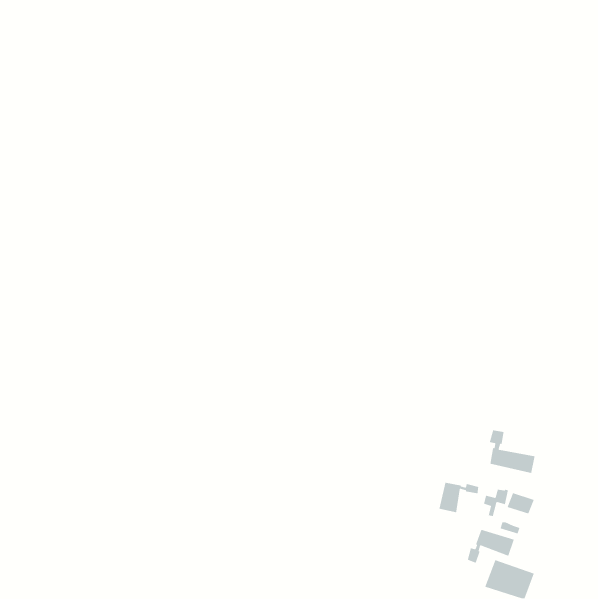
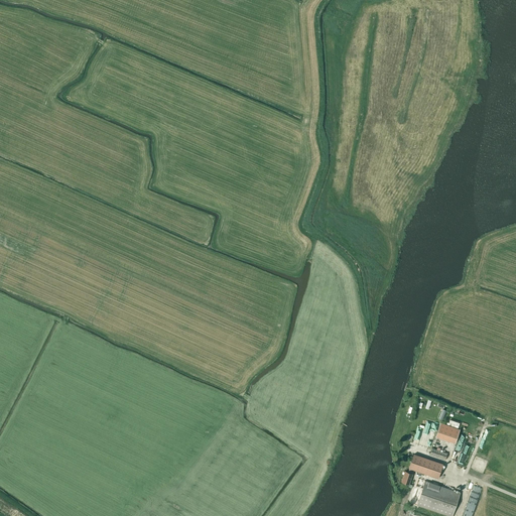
building: [489,429,536,474] -> none
building: [439,482,479,513] -> none

